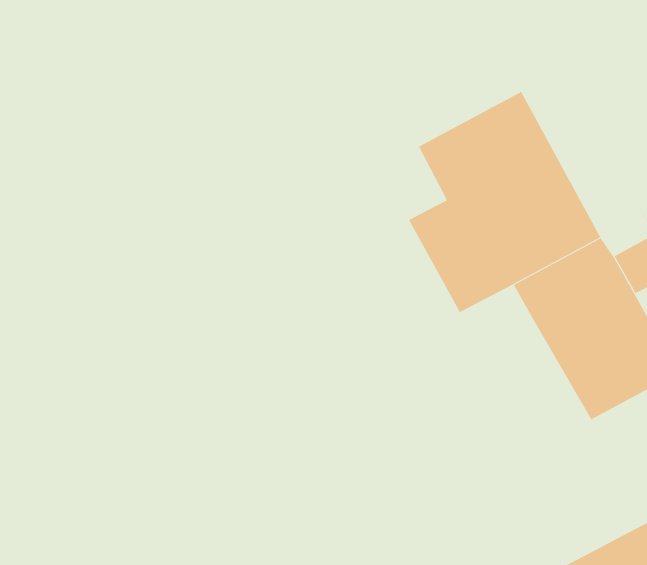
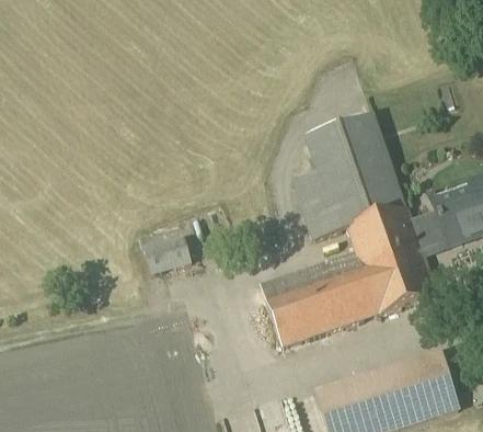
building: none -> [262,251,381,344]
building: none -> [146,234,192,270]

